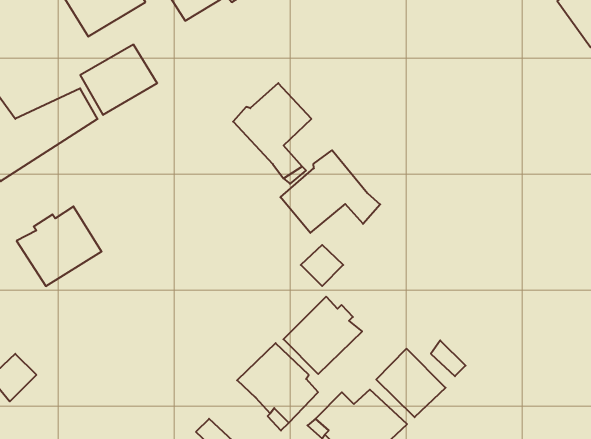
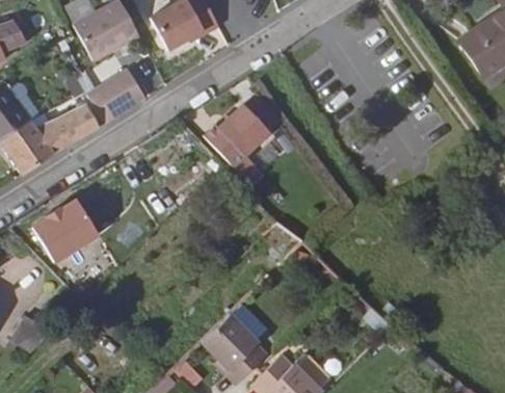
building: [280,150,380,233] -> none
building: [283,297,362,374] -> none
building: [376,349,446,417] -> none

